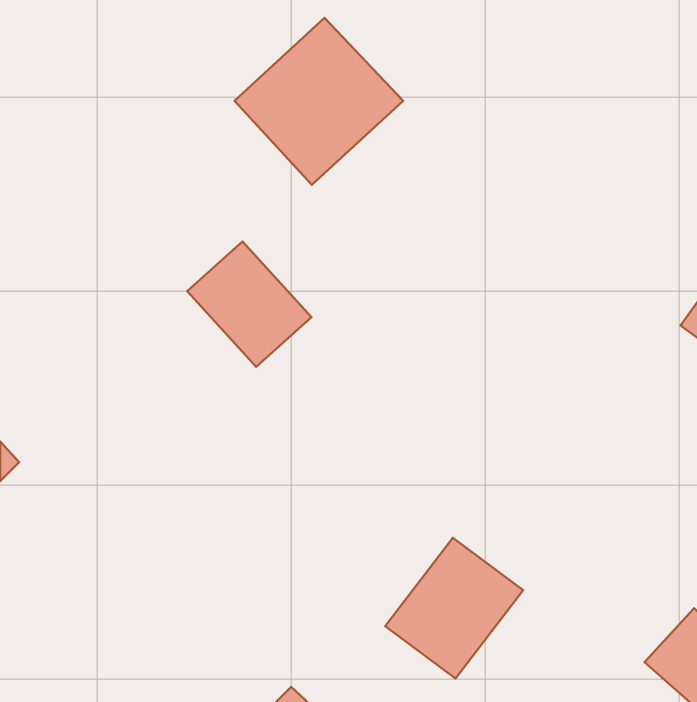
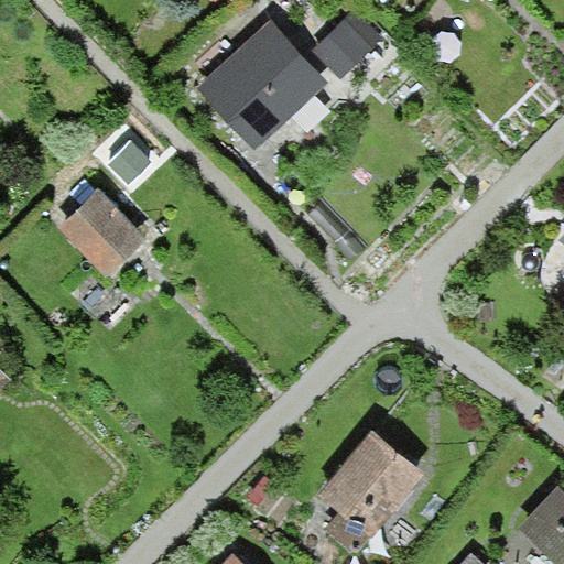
building: [187,241,312,367] -> [54,187,153,288]

